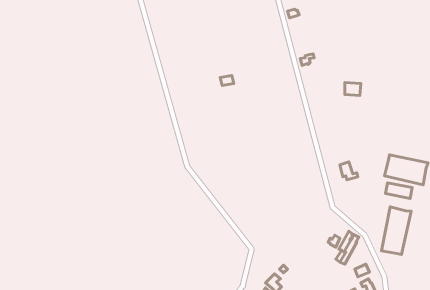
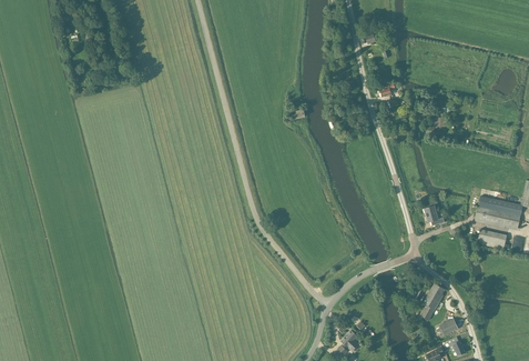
building: [382,207,411,255] -> none

